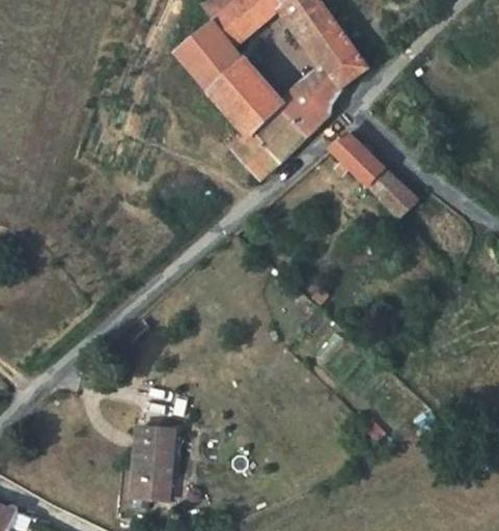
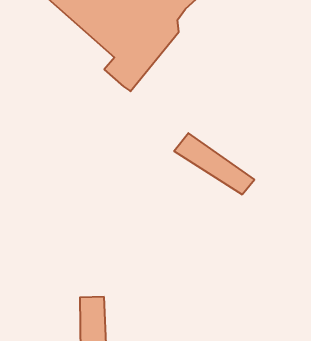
building: [325,130,415,214] -> [174,133,254,194]

